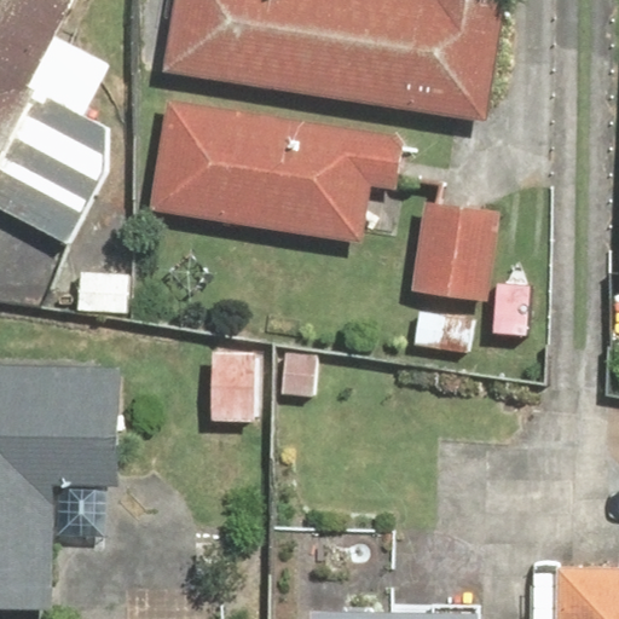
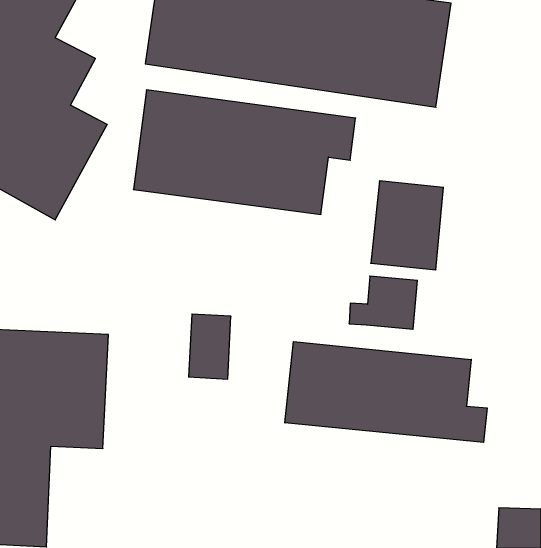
building: none -> [285,342,487,442]

